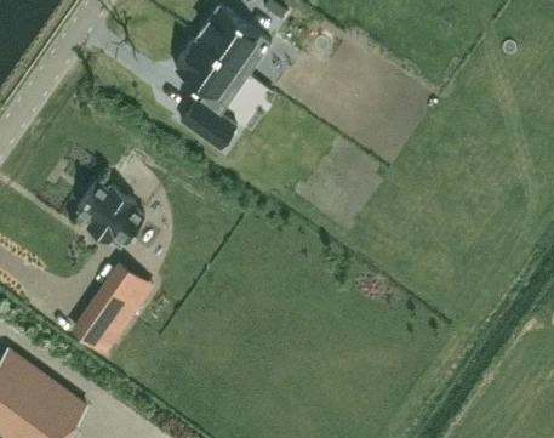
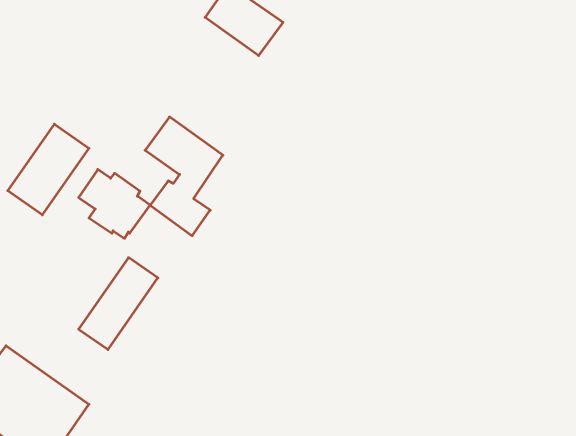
building: [176,35,250,148] -> [145,117,223,236]
building: none -> [8,124,89,215]

